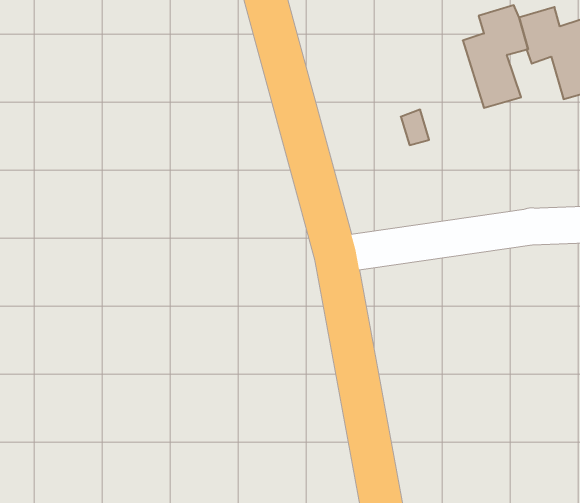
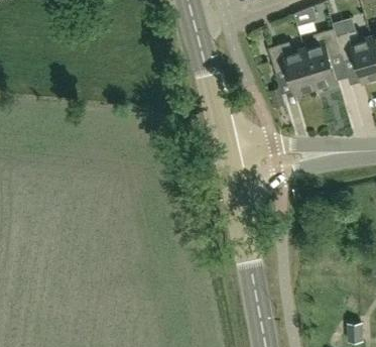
building: none -> [268,42,316,95]

